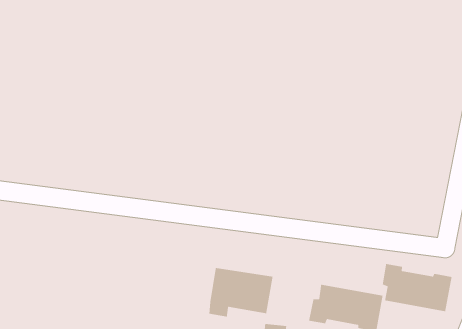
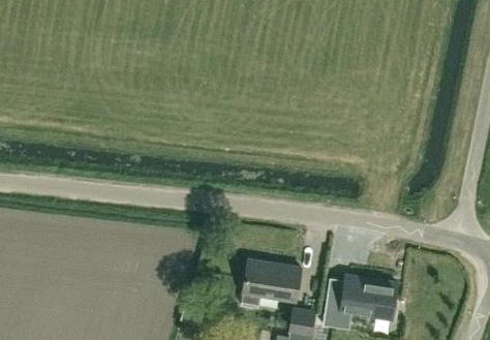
building: [382,263,452,312] -> none

